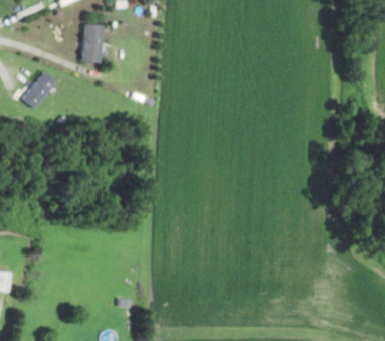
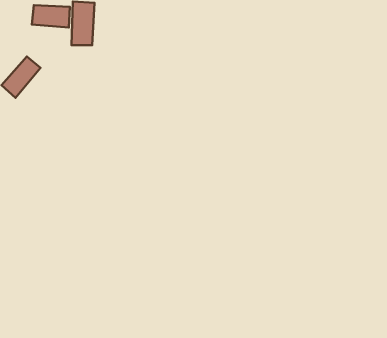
building: none -> [32,5,70,28]

